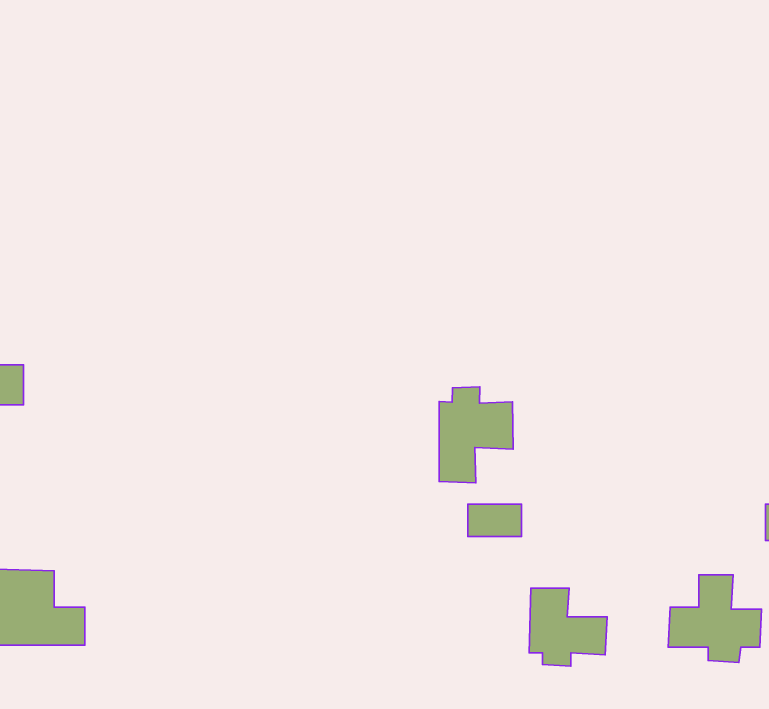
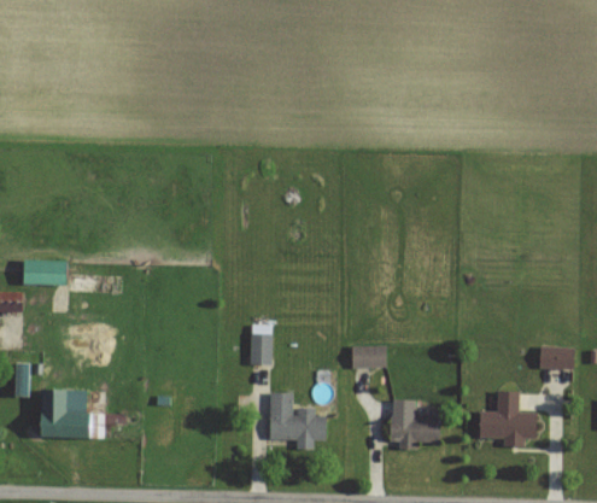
building: [439,387,513,483] -> none
building: none -> [250,324,271,364]
building: none -> [269,393,324,450]

